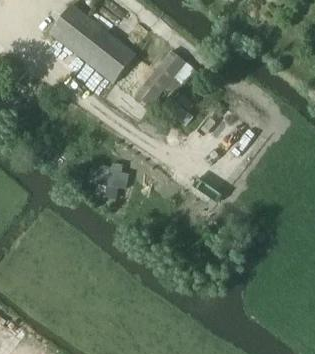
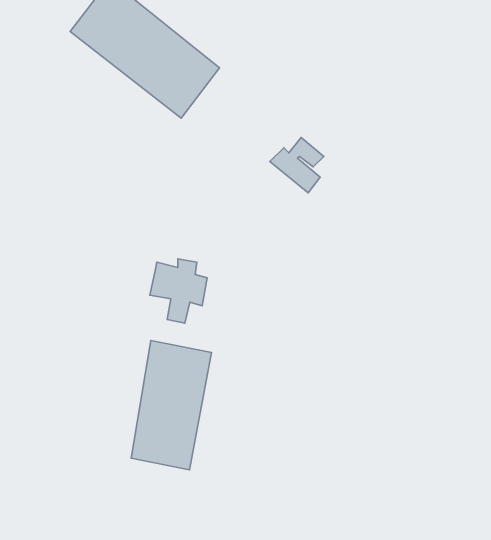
building: [135,50,193,106] -> none
building: none -> [131,341,212,470]

